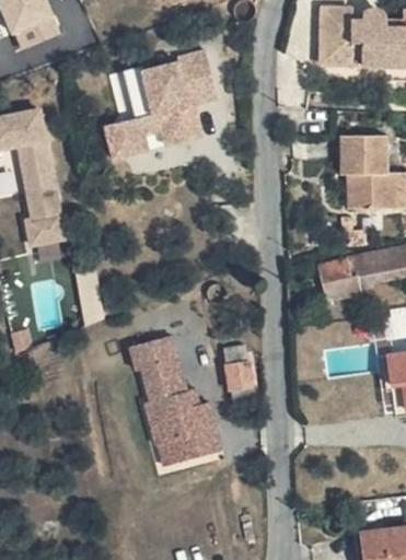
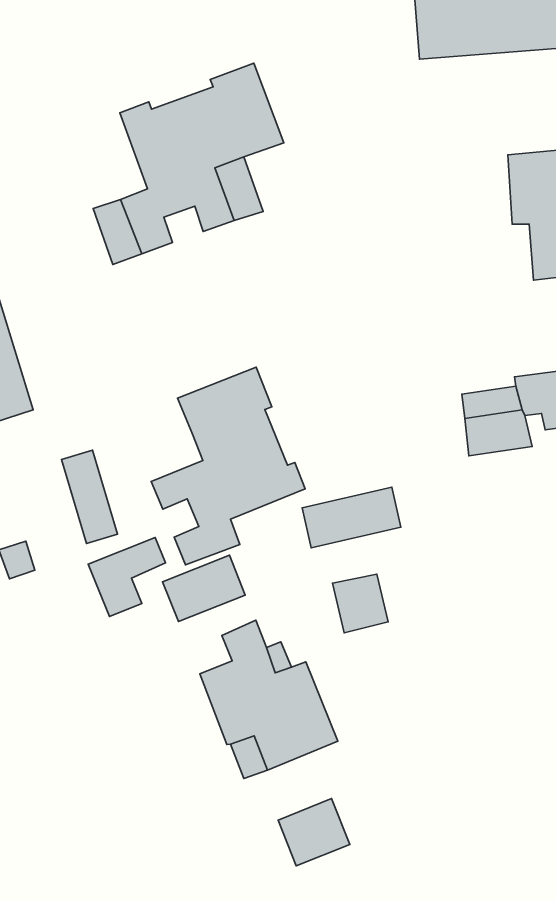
building: none -> [151,367,305,565]
building: none -> [302,487,401,548]
building: [134,361,178,404] -> [88,538,166,617]
building: none -> [278,799,350,866]

